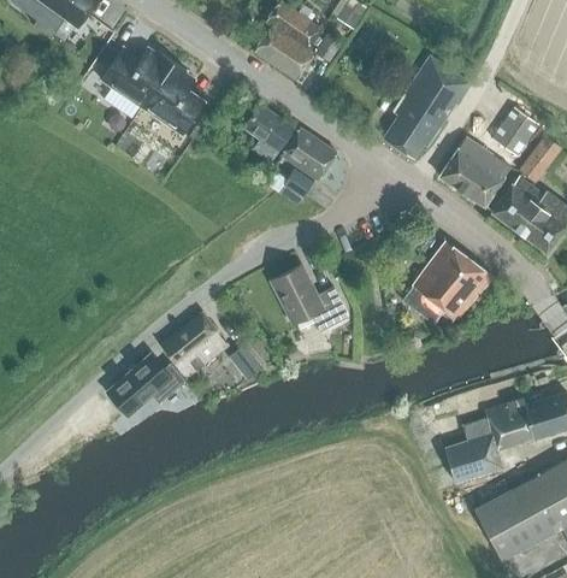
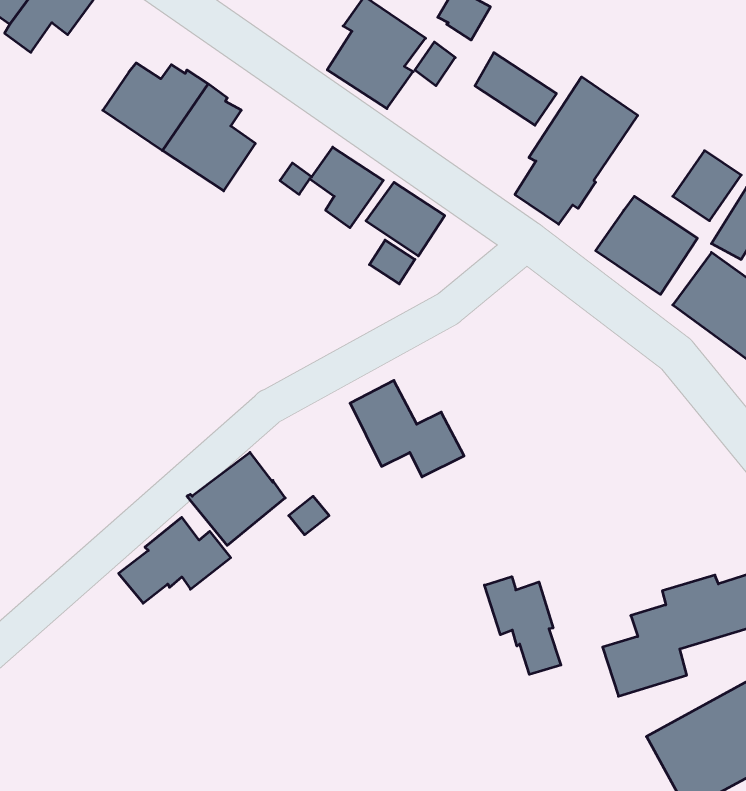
building: none -> [475,53,556,125]
building: [402,242,490,324] -> none
building: none -> [484,577,561,674]

